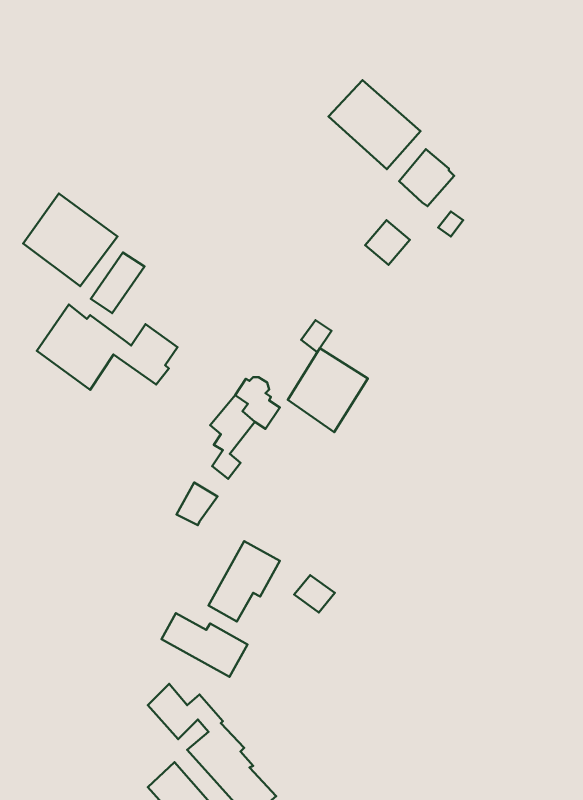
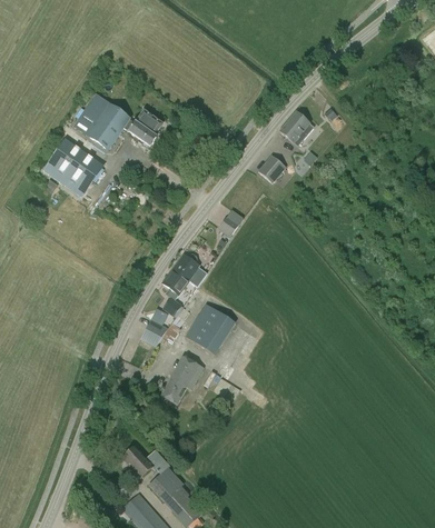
building: [328,80,420,169] -> none
building: [37,304,178,390] -> [76,97,164,150]
building: [288,348,368,432] -> [186,302,236,355]
building: [162,613,247,677] -> none

